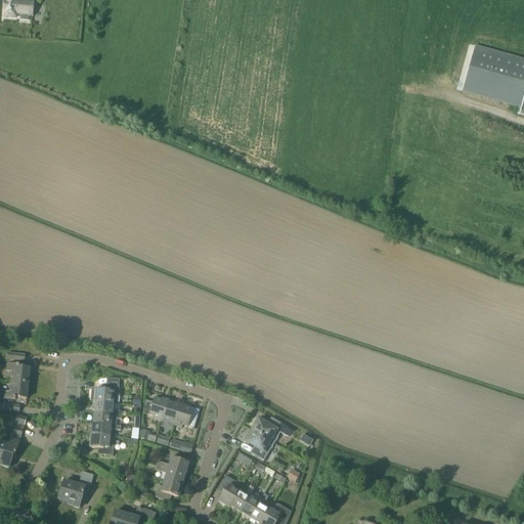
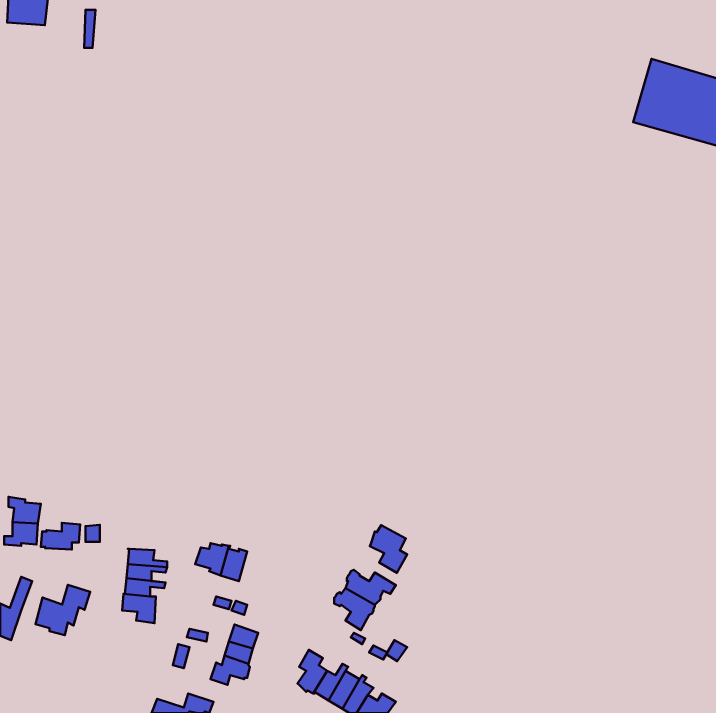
building: [91,382,120,401] -> [41,523,80,550]
building: none -> [370,525,407,573]
building: [175,402,200,427] -> none
building: [58,470,98,507] -> [35,585,90,635]

